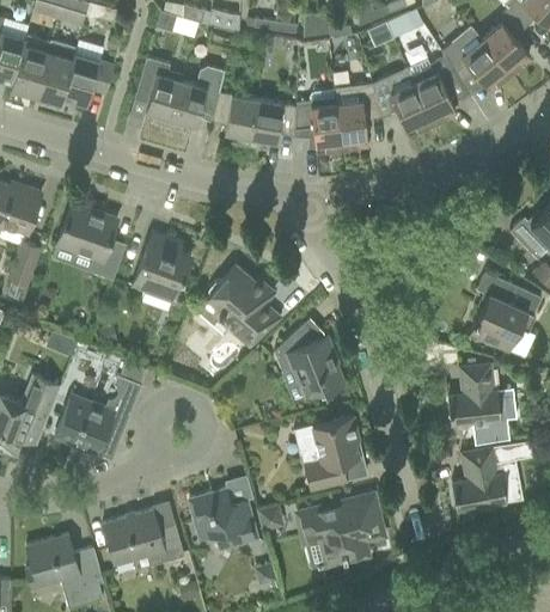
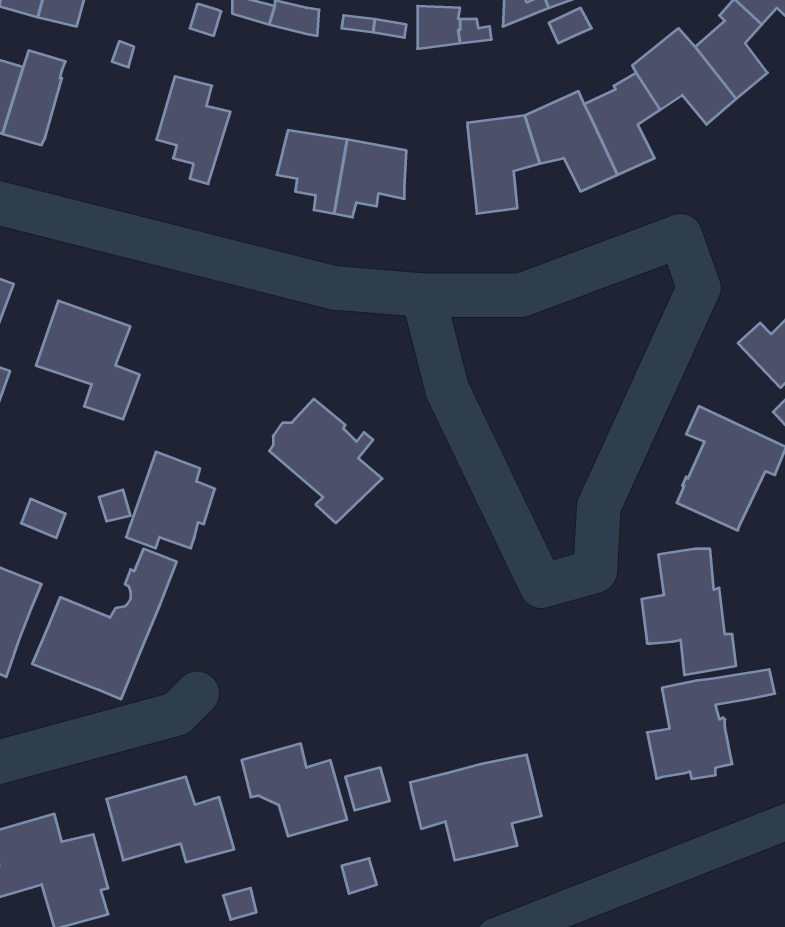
building: [62,54,114,104] -> none
building: [167,67,225,130] -> none
building: [294,90,341,148] -> none
building: [133,231,190,293] -> [126,452,215,548]
building: [274,323,346,396] -> none
building: [294,415,359,489] -> none

